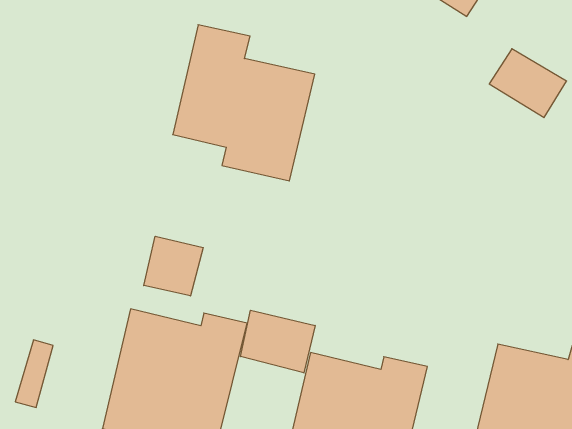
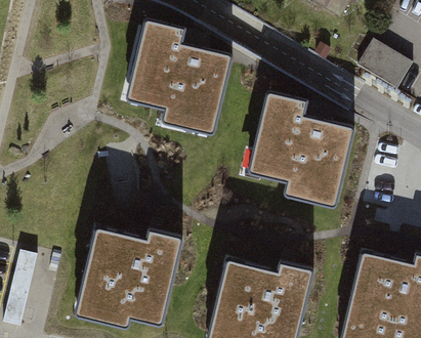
building: none -> [250,92,353,207]
building: [144,236,203,296] -> none
building: [240,310,315,373] -> none

